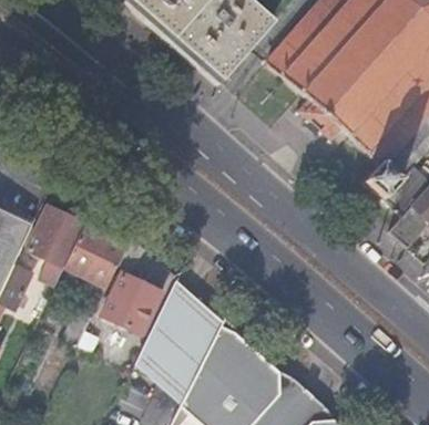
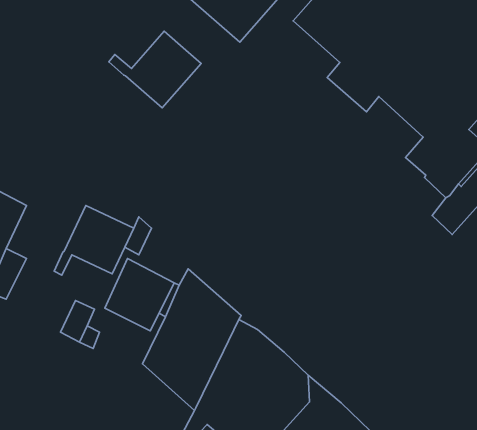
building: none -> [109,31,201,108]
building: [28,206,84,282] -> none

